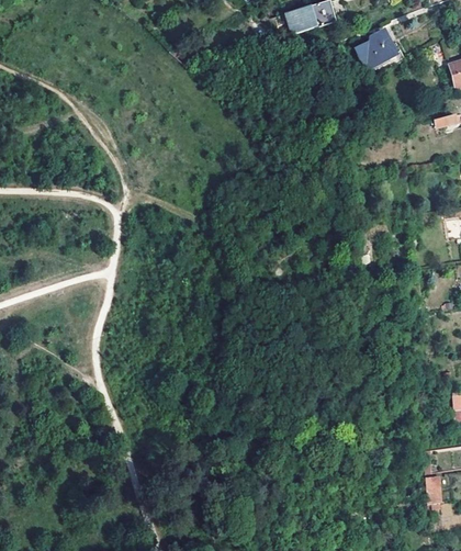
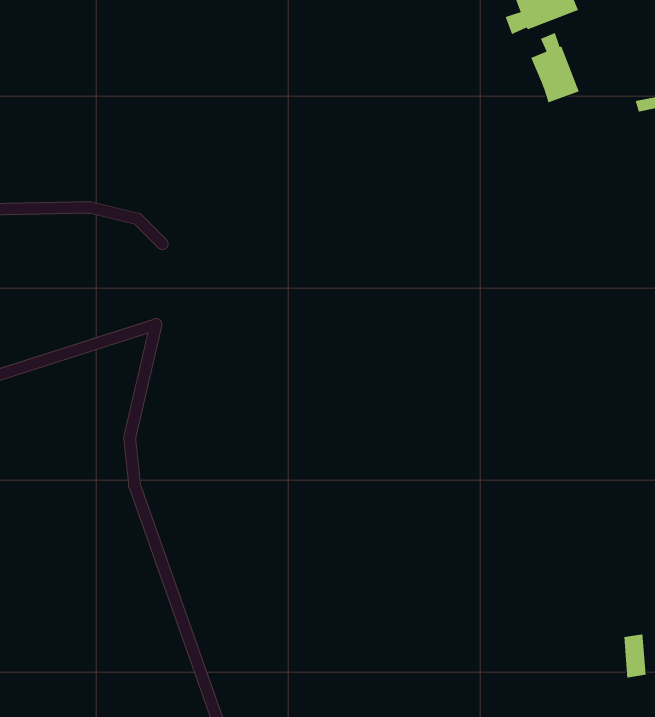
building: none -> [531,32,579,103]

